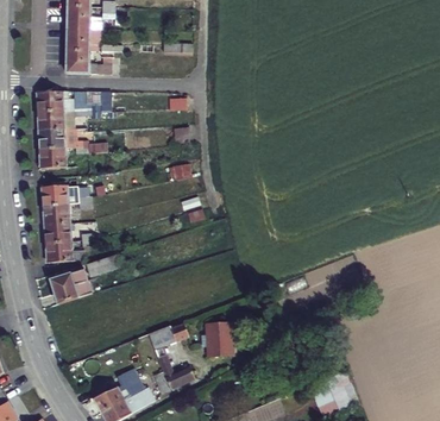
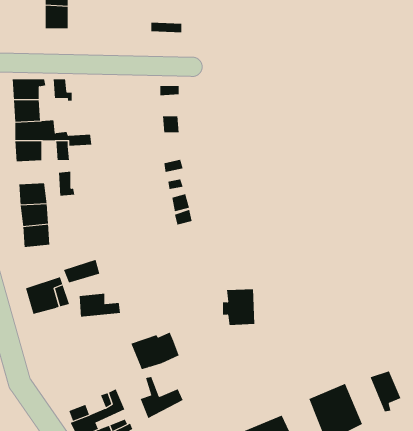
building: [67,46,113,69] -> none
building: [49,241,87,263] -> [79,293,121,317]
building: [202,328,232,362] -> [222,289,255,326]
building: none -> [370,370,401,412]

